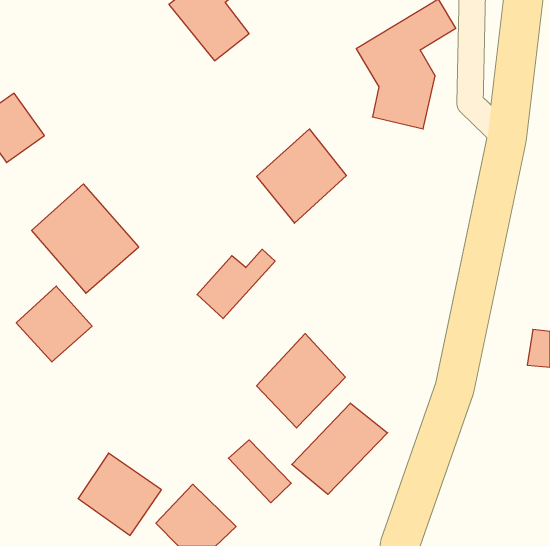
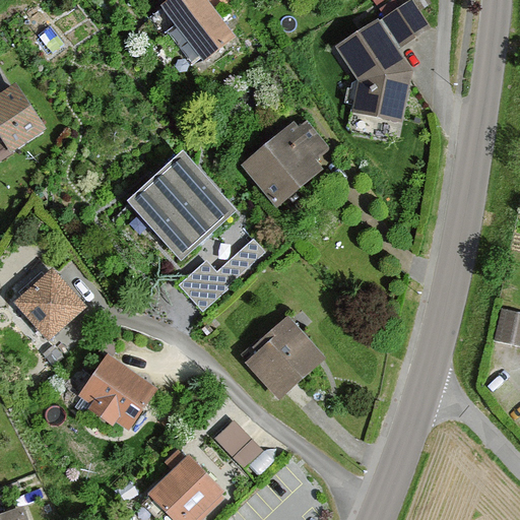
building: [32,184,139,293] -> [134,156,235,259]
building: [292,403,388,494] -> none
building: [78,453,161,535] -> [79,353,157,431]

